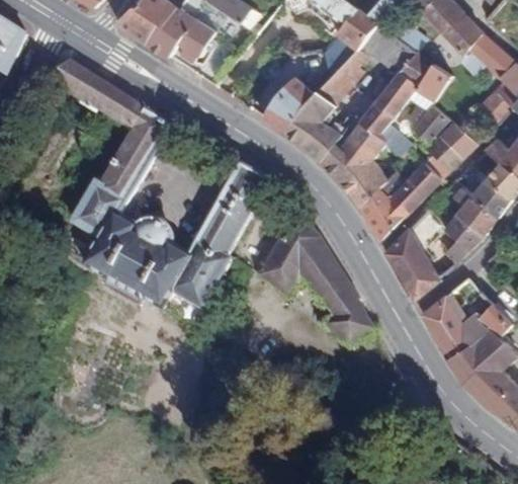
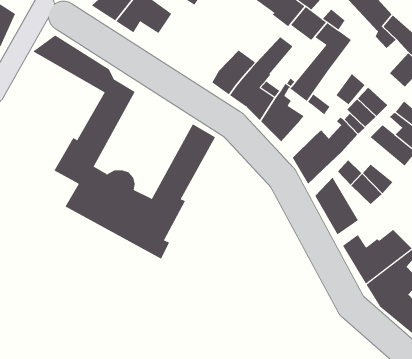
building: [406,65,450,112] -> none
building: [347,161,387,207] -> none
building: [446,181,497,236] -> none
building: [260,211,374,344] -> none

